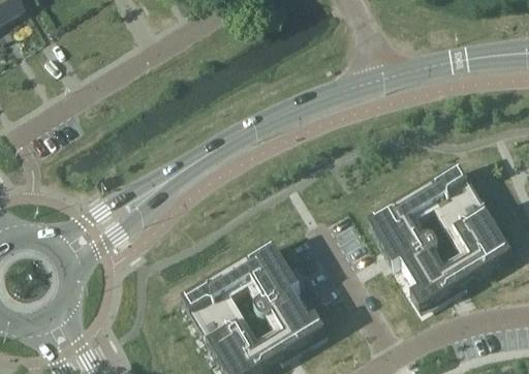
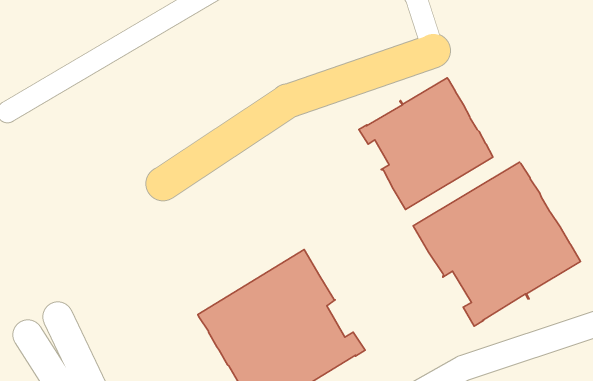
building: none -> [359,78,493,209]

